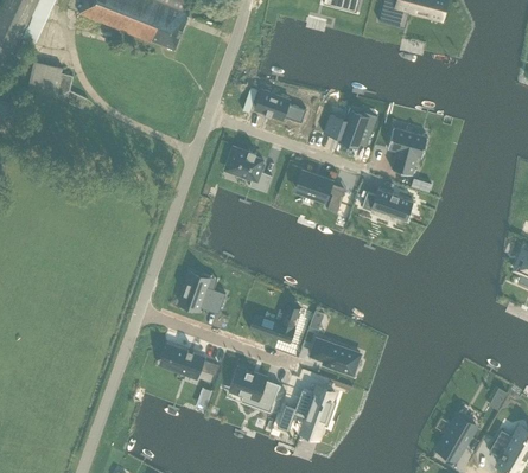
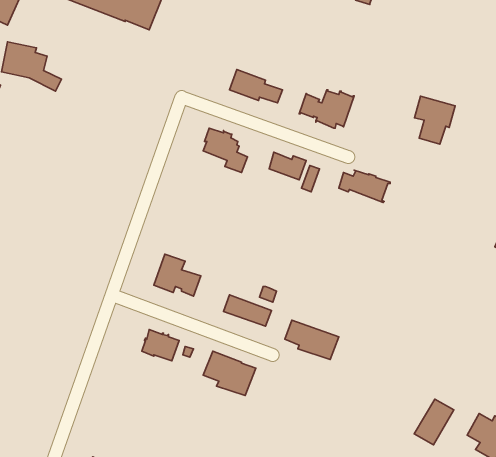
building: [387,127,427,174] -> [415,96,455,144]
building: [278,386,336,430] -> none

